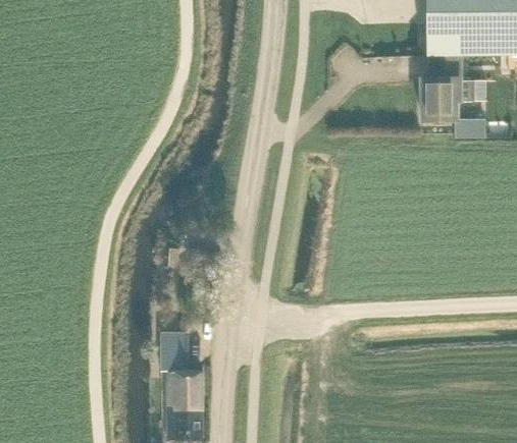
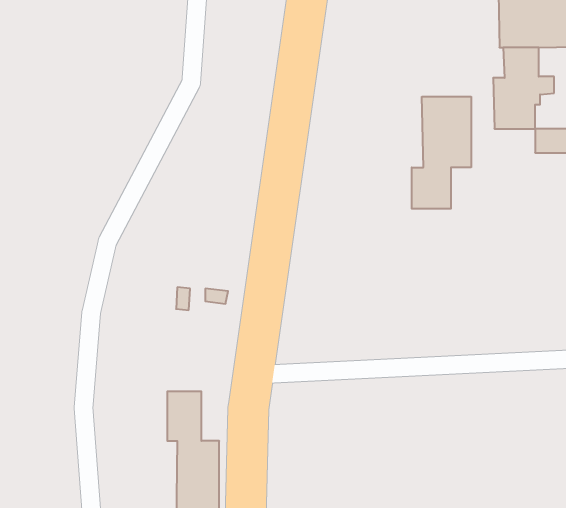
building: none -> [412,97,471,209]

